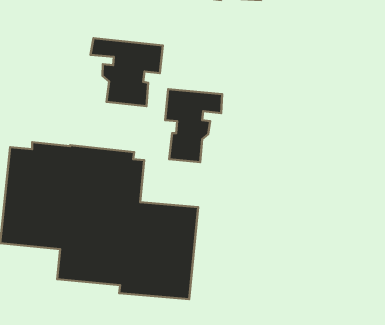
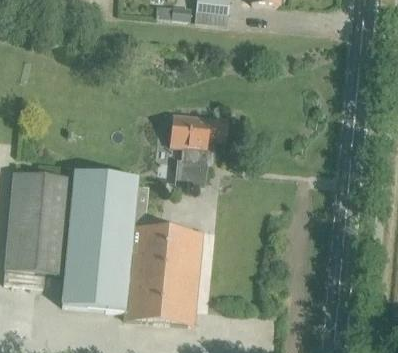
building: [91,38,163,106] -> none

